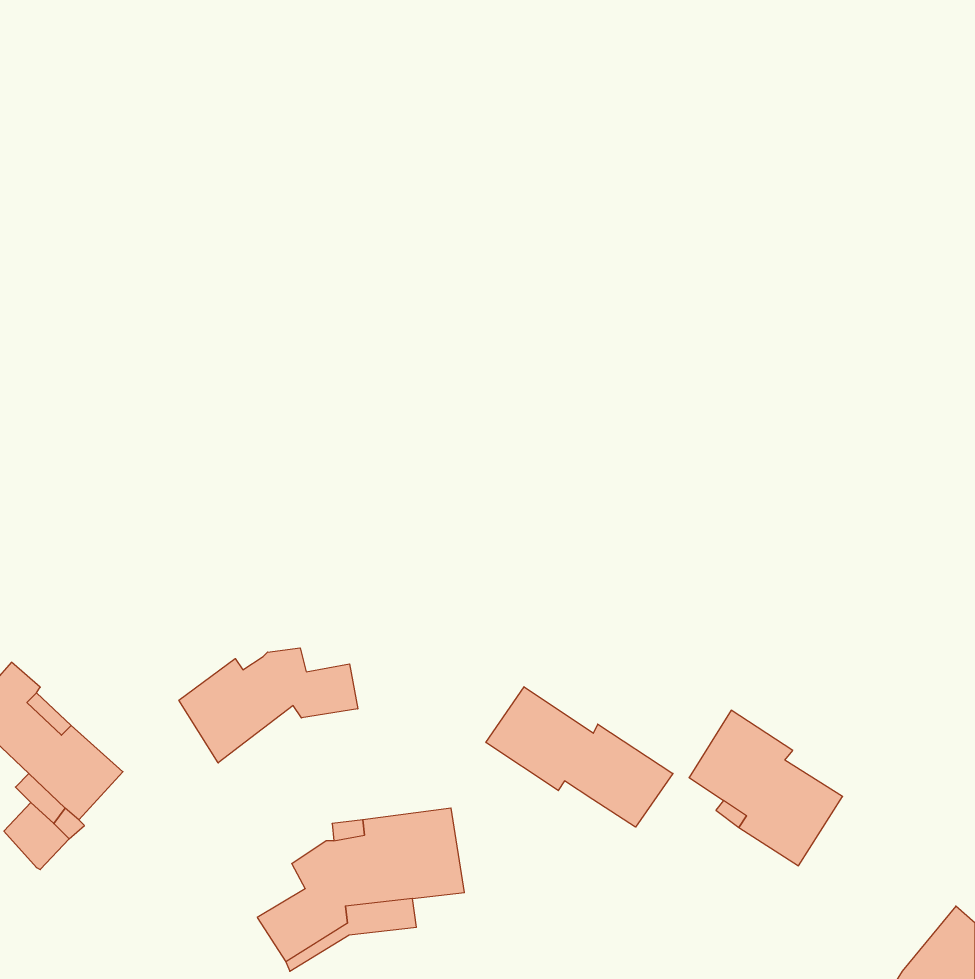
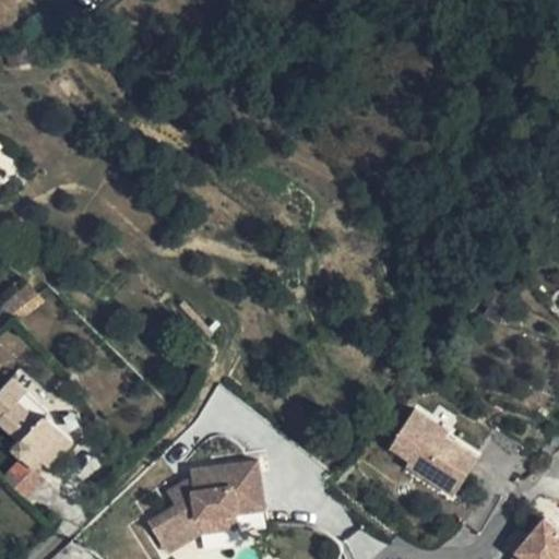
building: [179,648,358,763] -> none
building: [486,687,673,827] -> none

